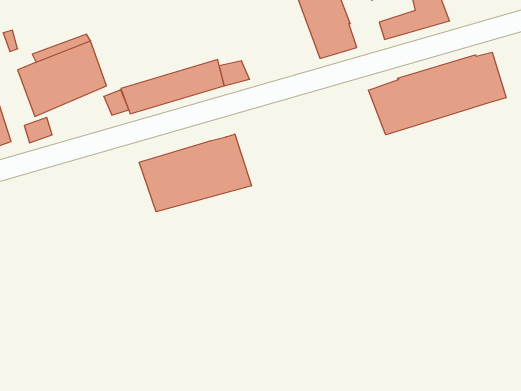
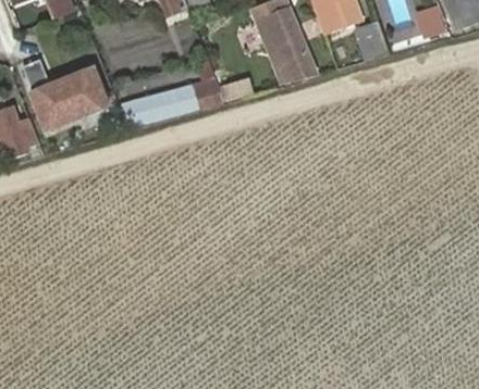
building: [368,52,506,135] -> none
building: [139,134,251,212] -> none

